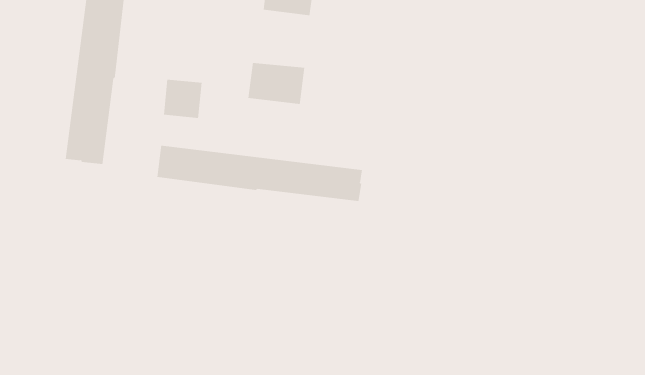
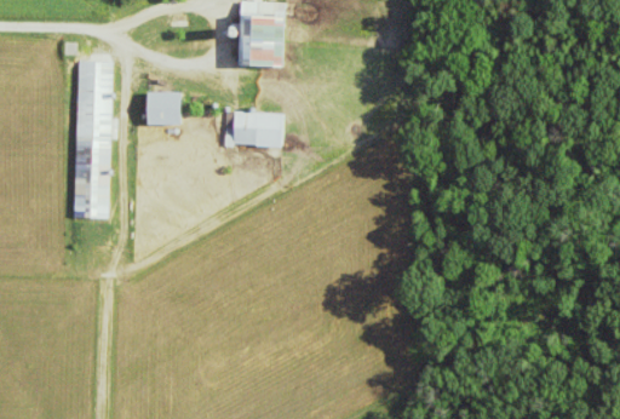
building: [163,79,202,118] -> [147,92,179,125]
building: [157,145,363,202] -> none

